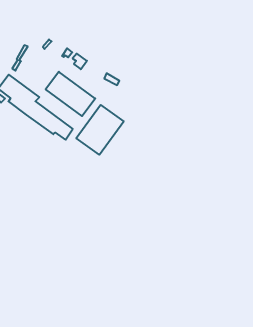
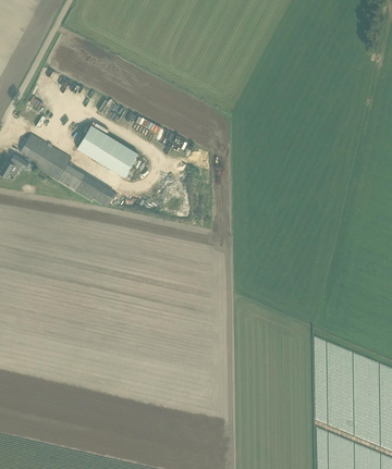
building: [76,105,124,155] -> none

